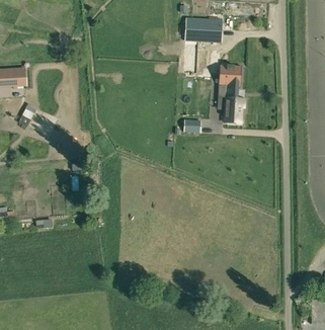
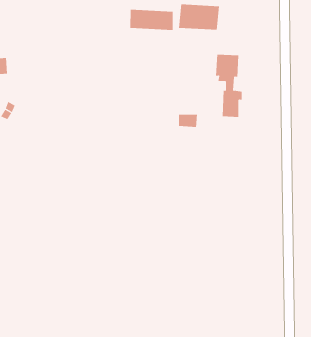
building: none -> [130,9,173,31]

